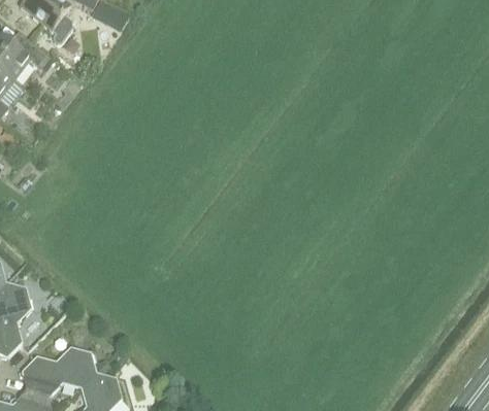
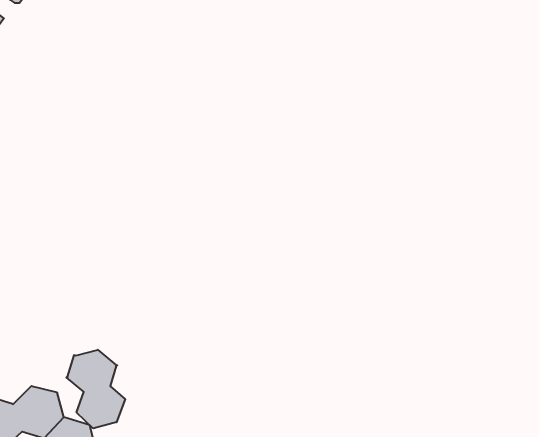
building: none -> [66,350,125,428]

